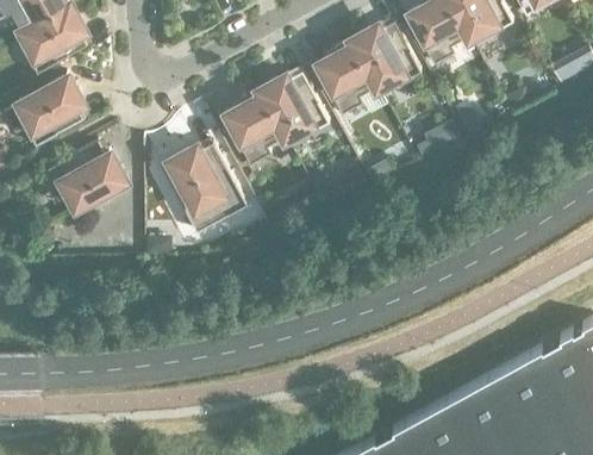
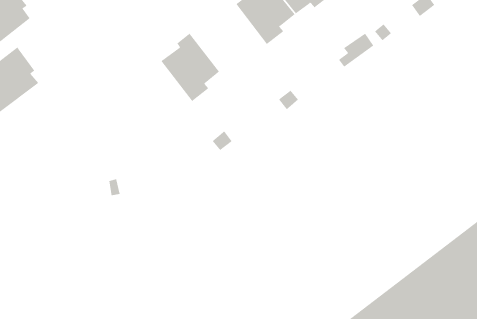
building: [260,73,330,137] -> none
building: [49,142,130,208] -> none
building: [160,143,248,232] -> none

